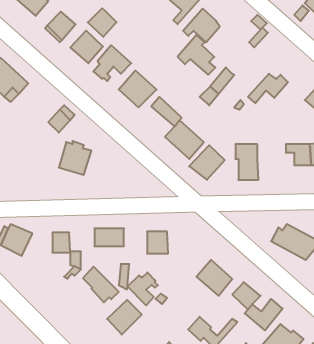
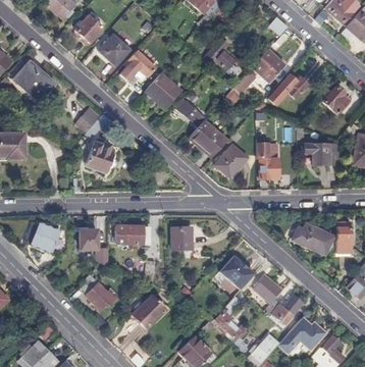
building: [88,8,117,37] -> none
building: [183,9,220,42] -> [249,48,284,81]
building: [83,267,119,302] -> [80,274,114,309]
building: [127,272,158,305] -> none

